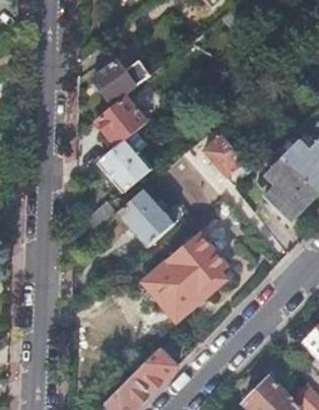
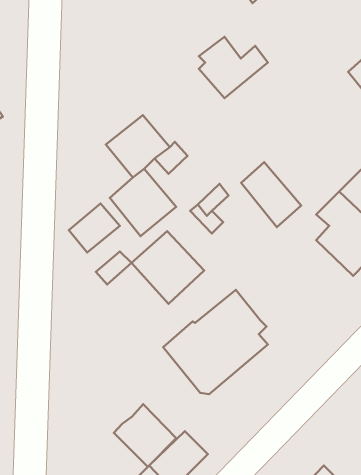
building: [93,55,148,104] -> [199,37,268,98]
building: none -> [69,203,120,253]
building: none -> [114,404,176,467]

